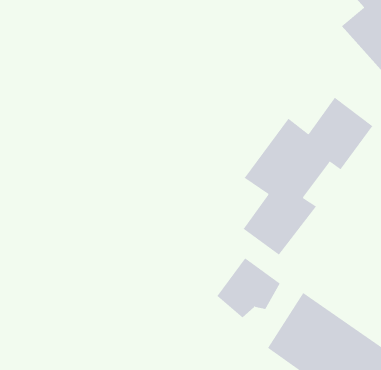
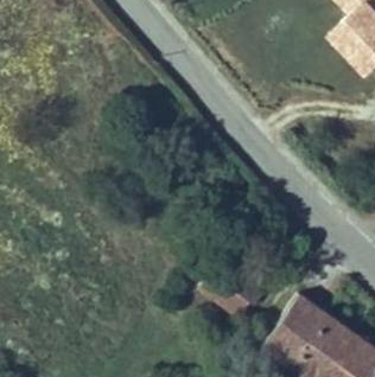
building: [243,97,373,256] -> none

